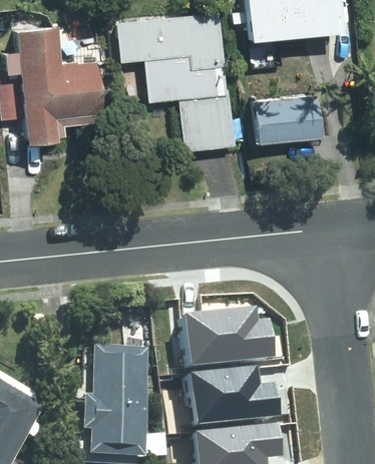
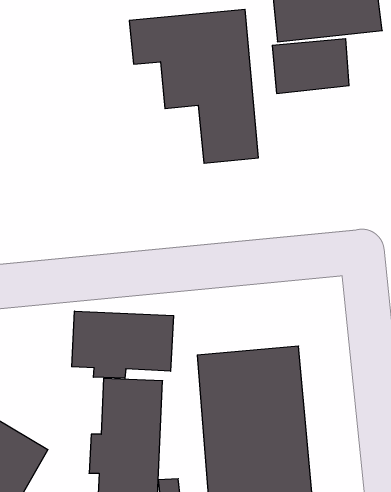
building: [6,27,104,144] -> none
building: [252,96,321,145] -> [272,39,349,93]
building: none -> [72,311,174,378]

